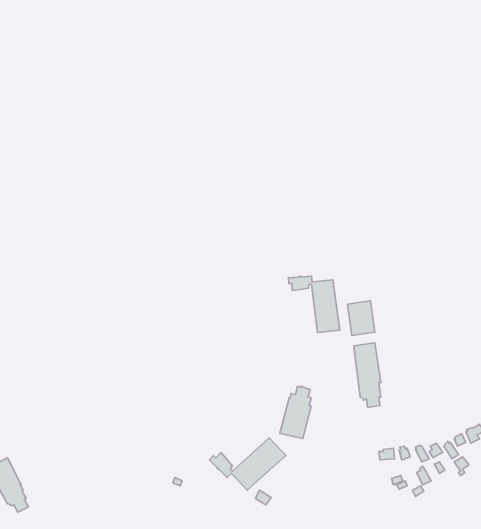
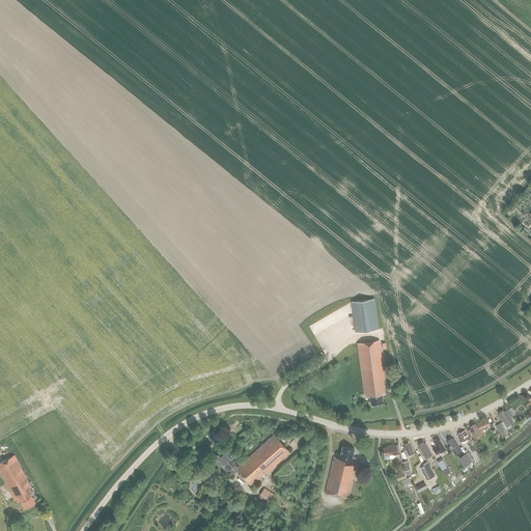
building: [289,276,340,332] -> none
building: [280,386,311,439] -> [325,446,356,498]

